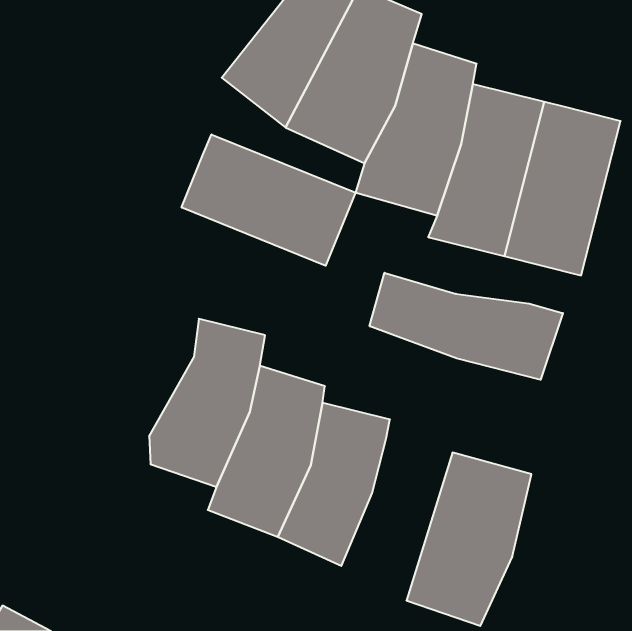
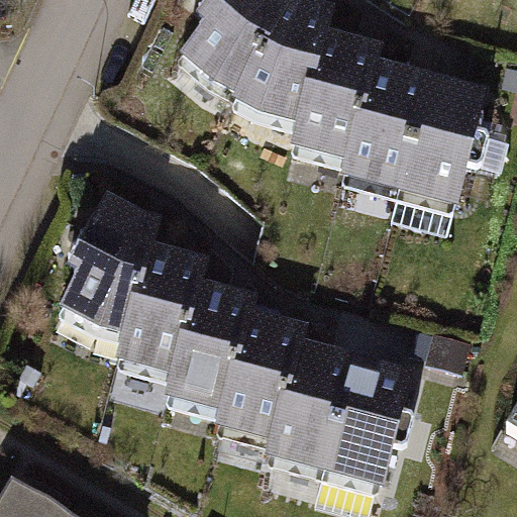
building: [182,134,356,266] -> none
building: none -> [55,200,162,345]
building: [370,273,563,380] -> none
building: none -> [269,347,358,476]

